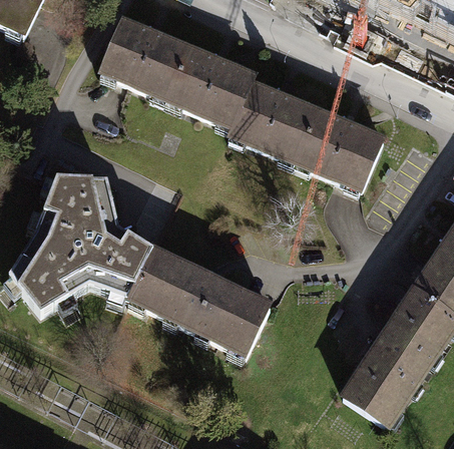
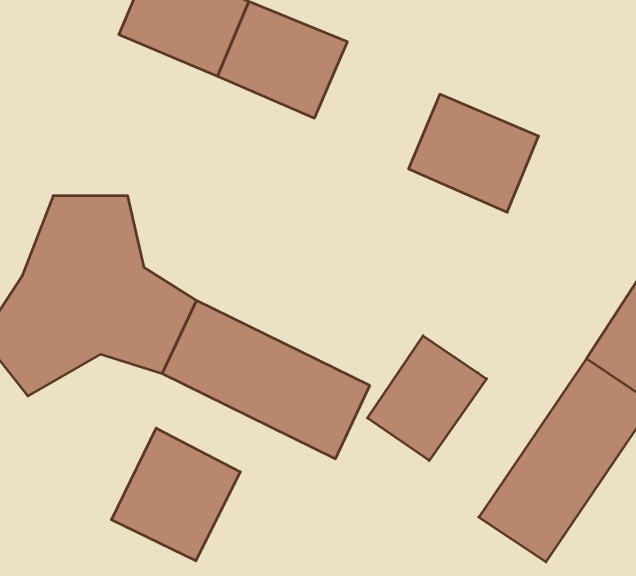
building: [231,80,318,158] -> none
building: none -> [367,336,487,461]
building: none -> [111,428,240,561]

